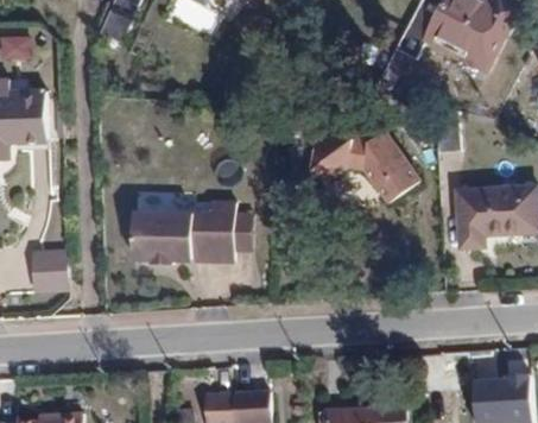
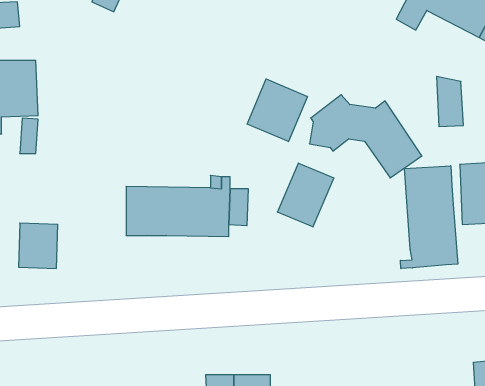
building: none -> [247,79,307,142]
building: none -> [278,163,334,227]
building: none -> [400,166,458,269]

